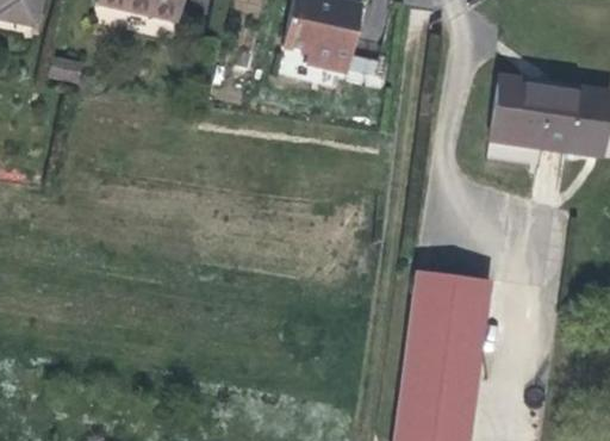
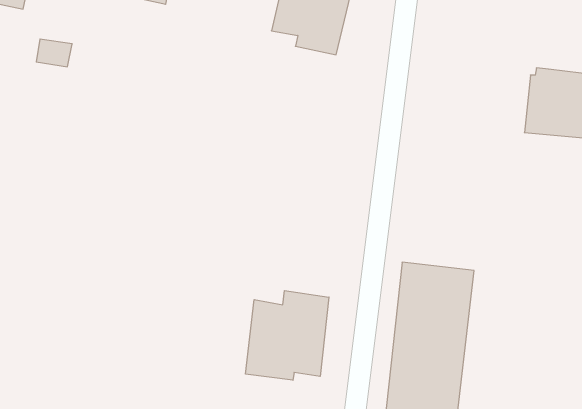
building: [490,86,542,148] -> none
building: none -> [246,291,329,380]

